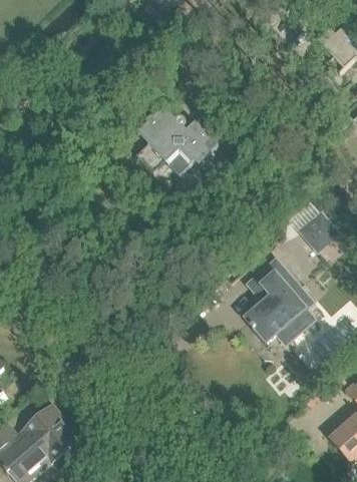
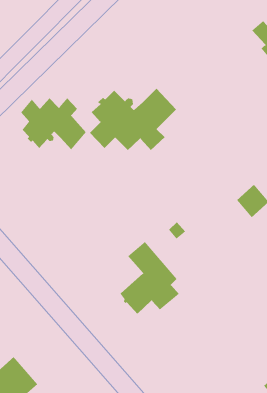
building: none -> [20,97,87,150]
building: [246,260,313,342] -> [119,241,179,315]

